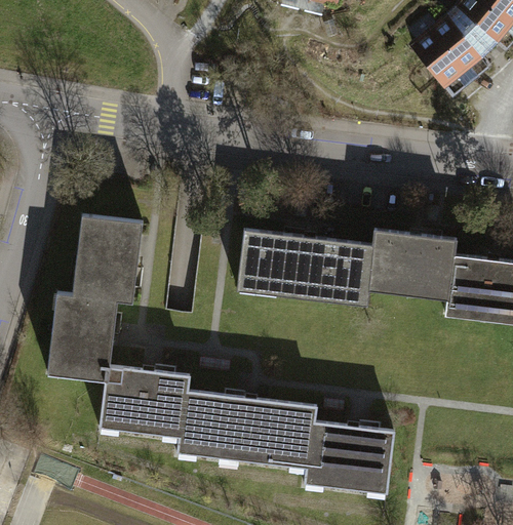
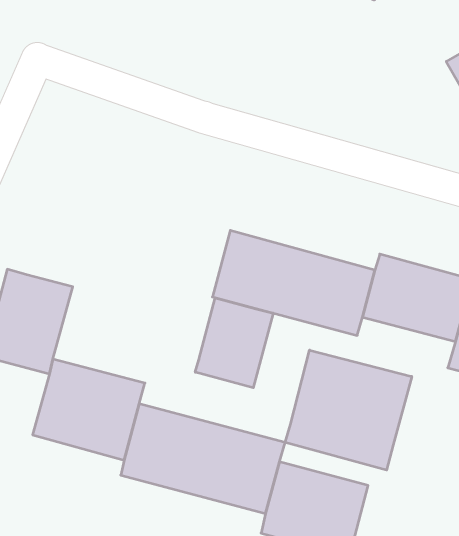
building: [74,217,142,302] -> none
building: none -> [195,298,273,388]
building: none -> [285,350,412,470]

